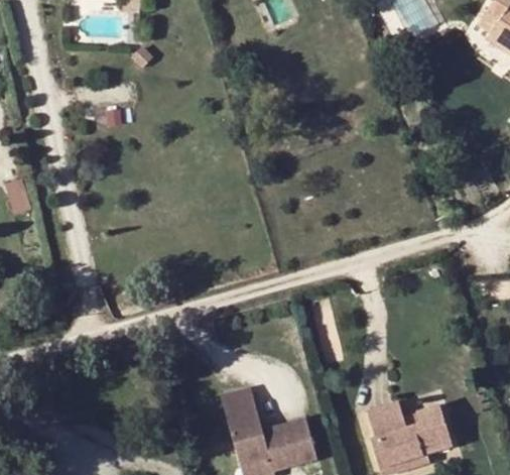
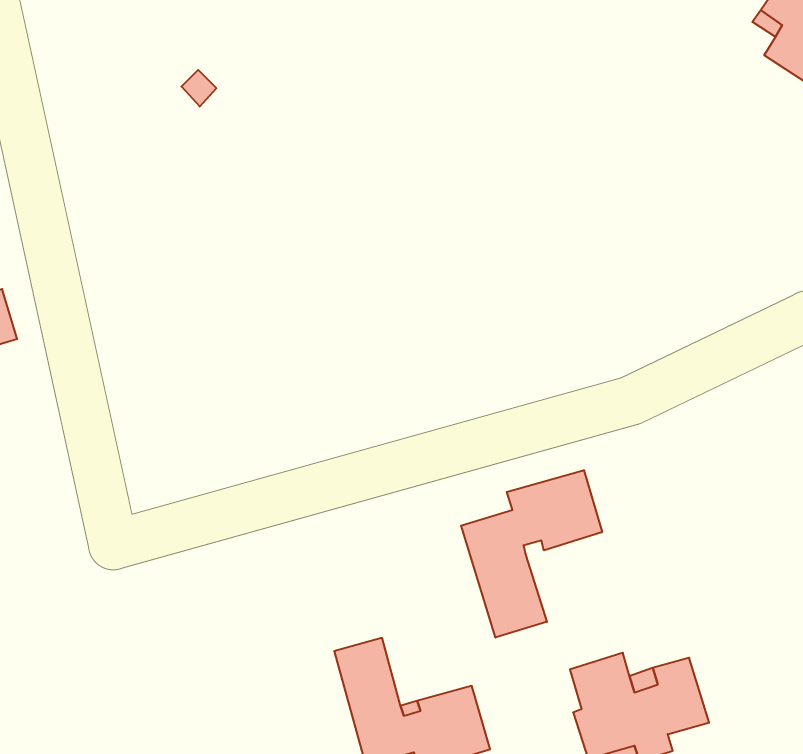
building: none -> [461,470,602,638]

